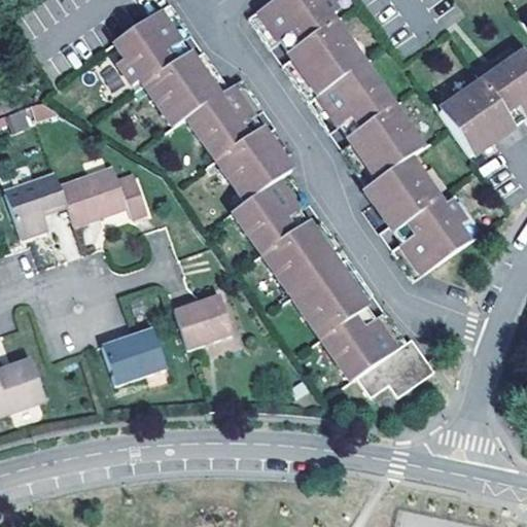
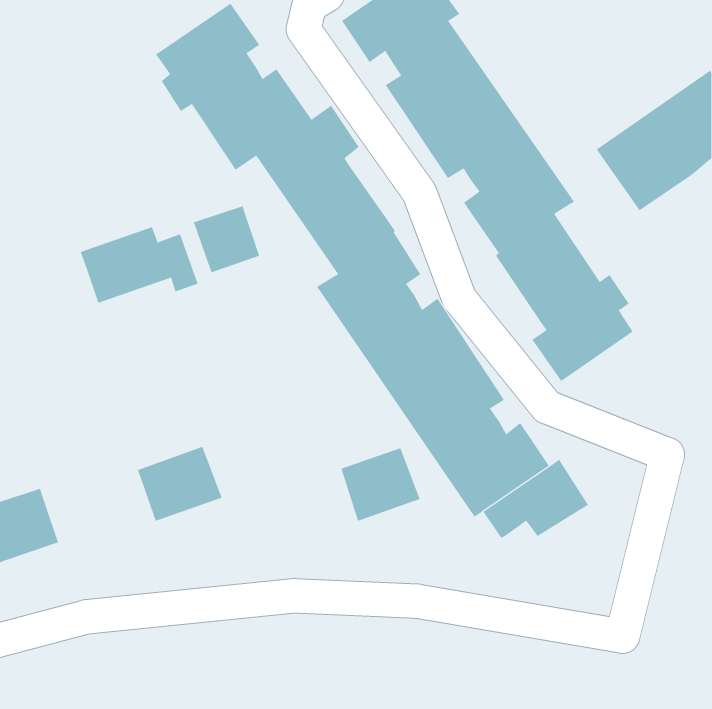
building: none -> [193,206,260,273]
building: [4,174,64,237] -> none
building: [173,294,232,349] -> [341,447,420,522]

